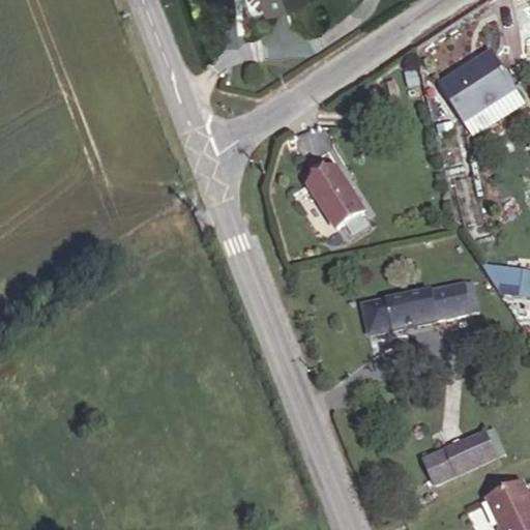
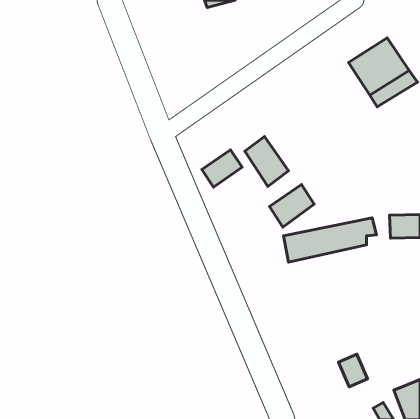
building: none -> [202,150,242,187]
building: none -> [270,184,314,227]
building: [449,430,499,478] -> none

